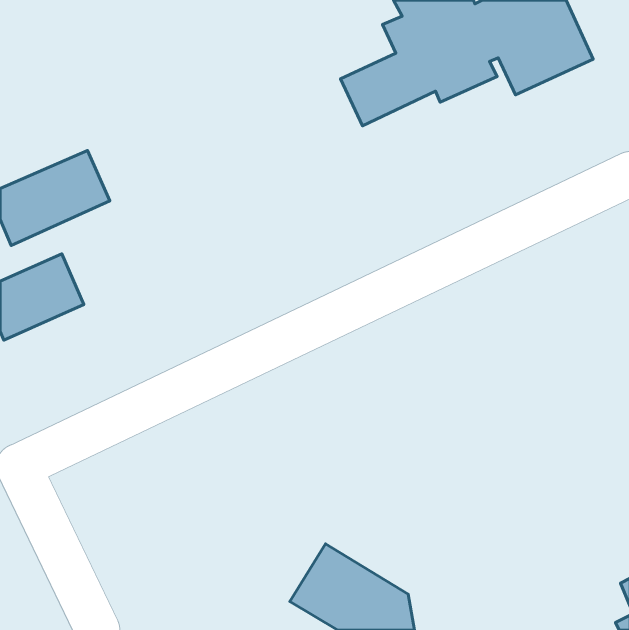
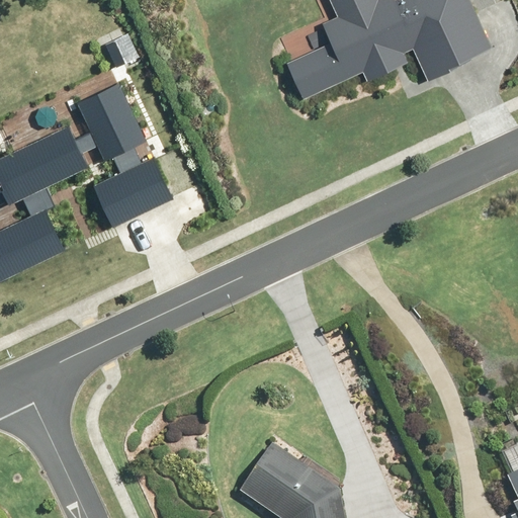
building: none -> [80,82,149,162]
building: none -> [92,155,175,226]

